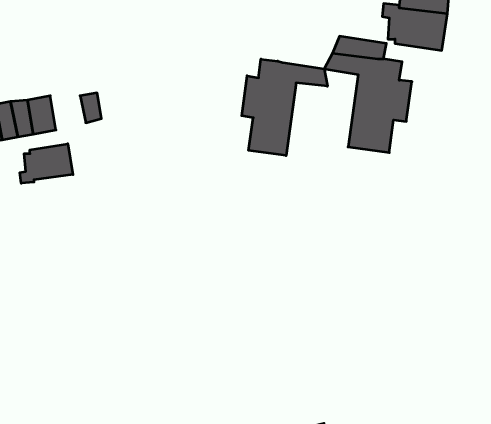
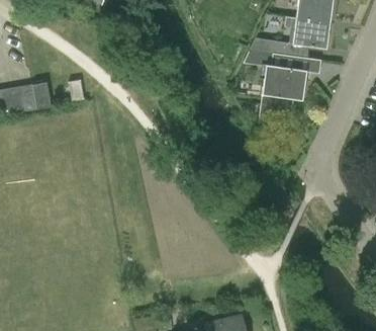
building: [242,59,327,156] -> none
building: [20,144,73,183] -> none

